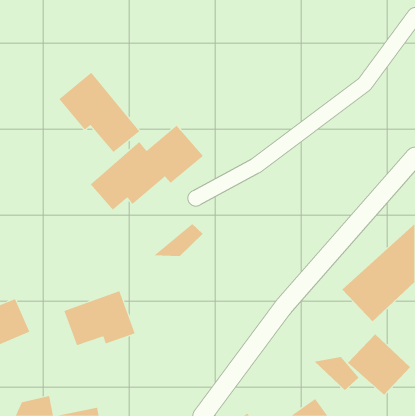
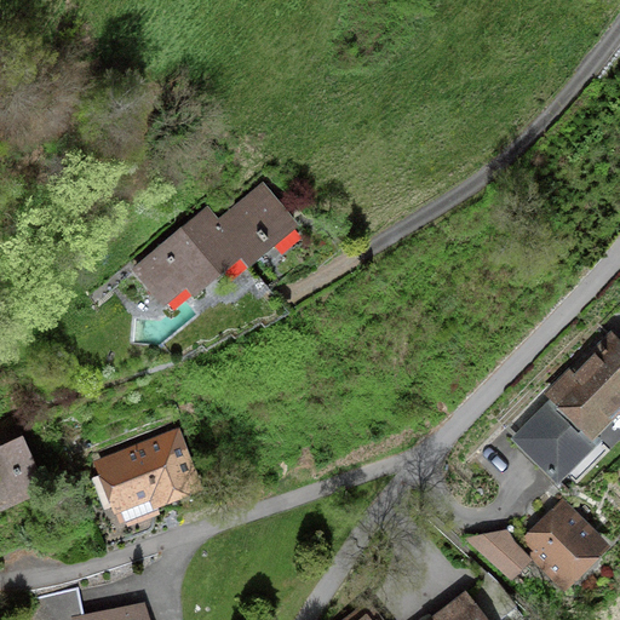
building: [58,72,140,153] -> none
building: [153,223,204,257] -> none

